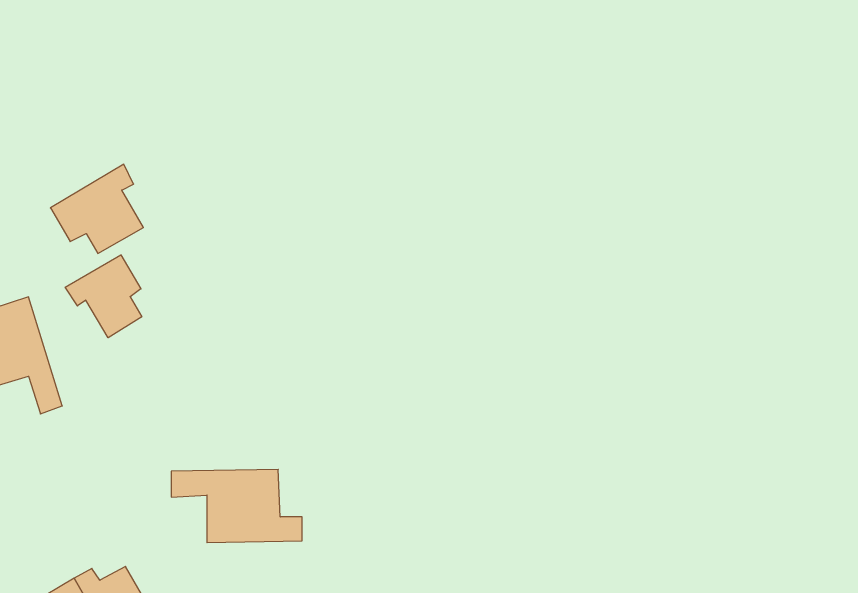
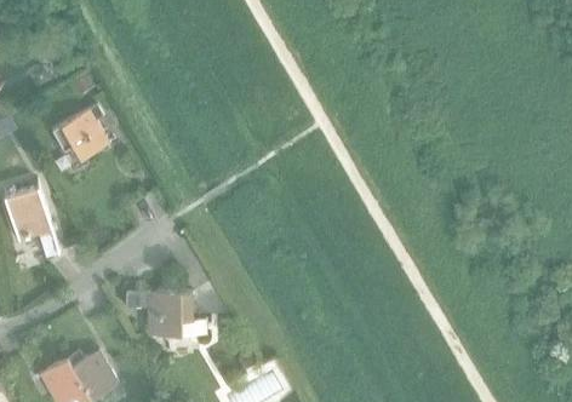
building: [65,255,142,338] -> none

